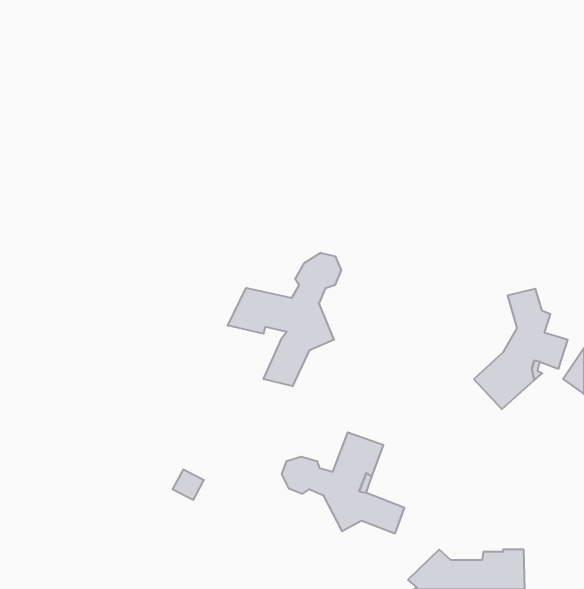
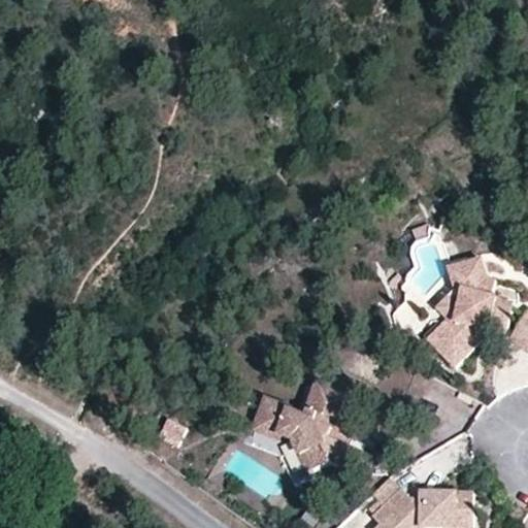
building: [228,253,341,386] -> none

